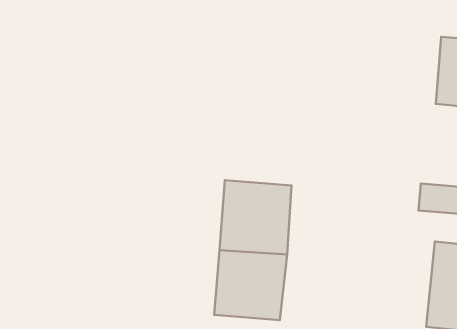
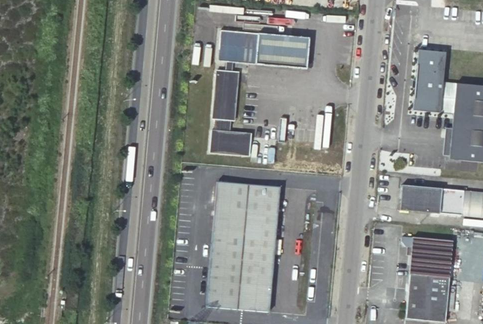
building: none -> [209,29,307,155]

